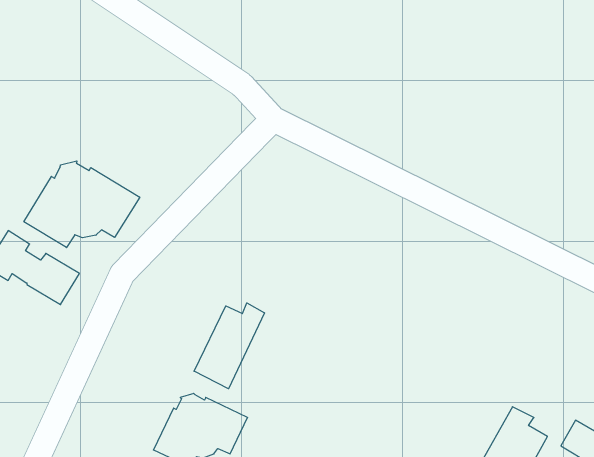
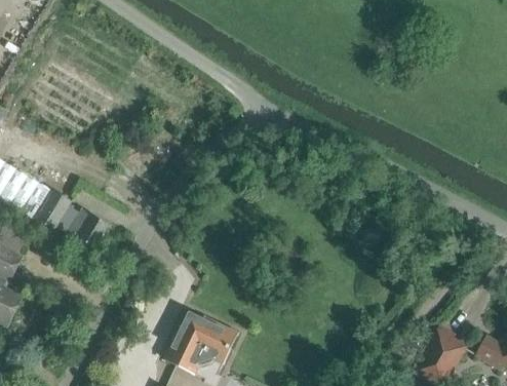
building: [24,161,140,248] -> none
building: [194,303,264,389] -> none

